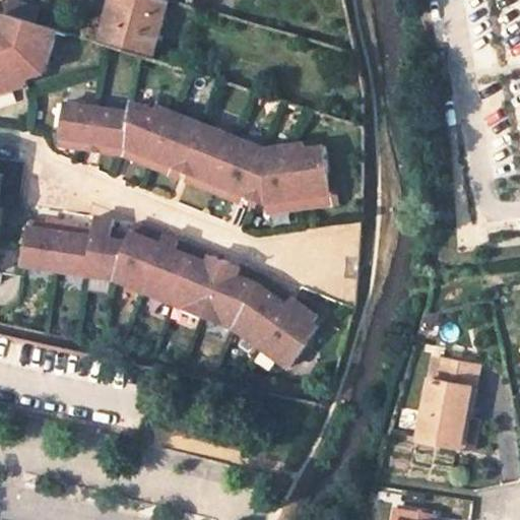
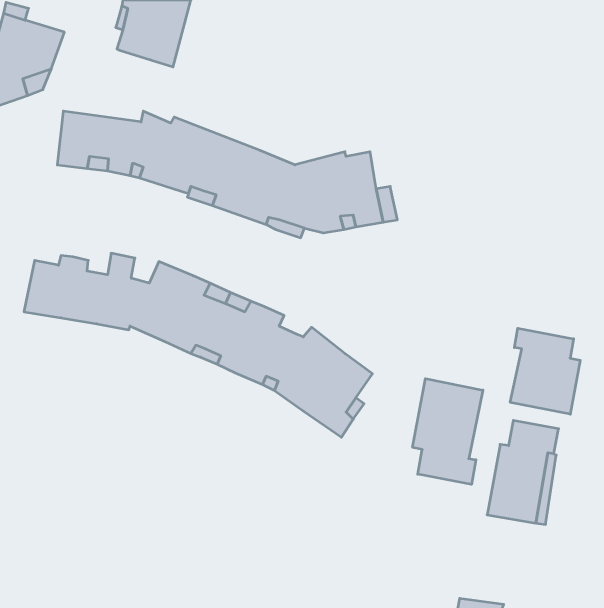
building: none -> [510,328,580,414]
building: none -> [413,379,483,484]

